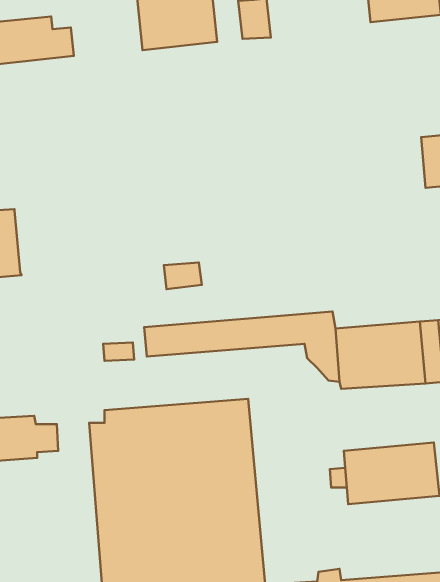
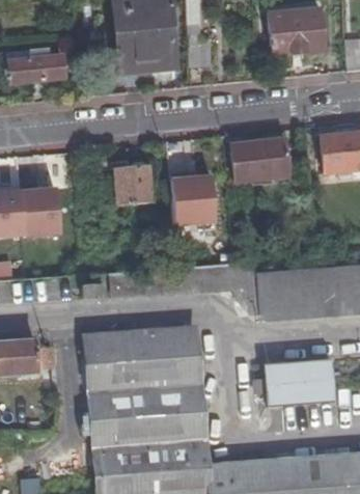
building: none -> [231,139,290,182]
building: none -> [117,158,156,203]
building: none -> [172,171,218,224]
building: none -> [22,187,62,236]

